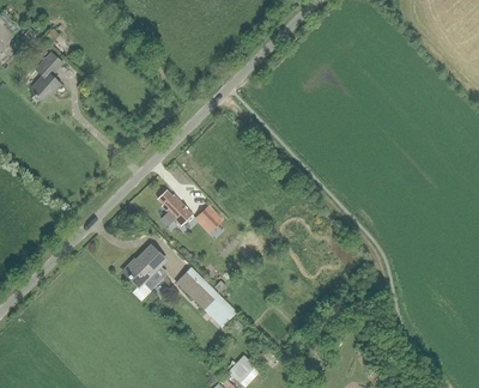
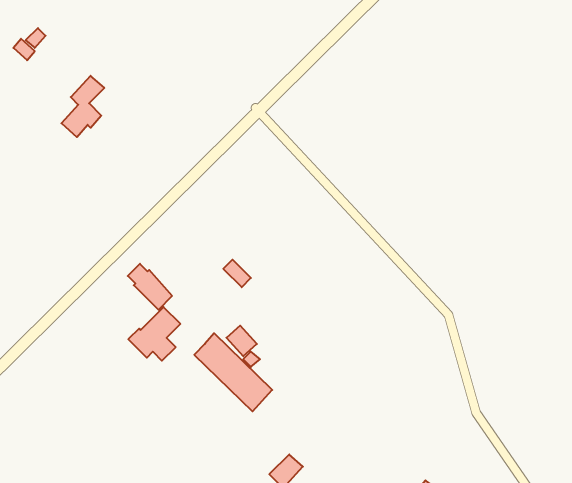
building: [29,51,62,99] -> [61,76,104,137]
building: [157,188,192,224] -> [128,264,172,310]

